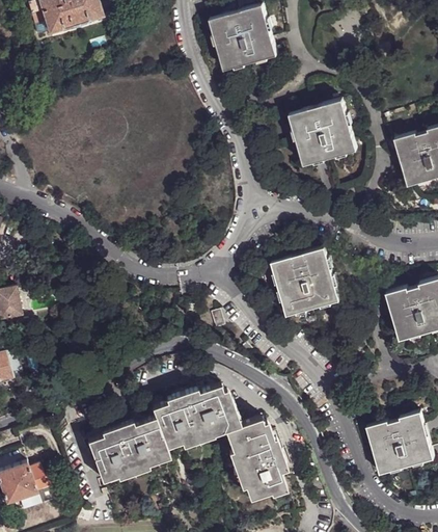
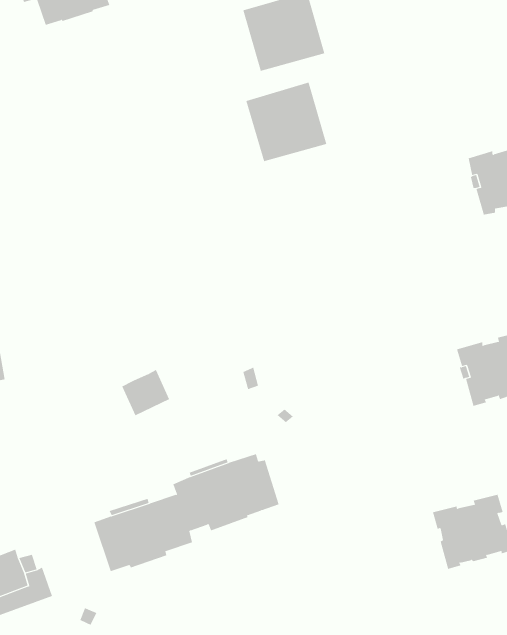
building: [291,100,357,165] -> [246,82,327,162]
building: [272,248,340,317] -> none
building: none -> [122,369,170,416]
building: [226,415,288,497] -> none

